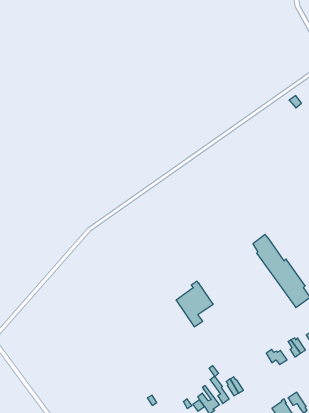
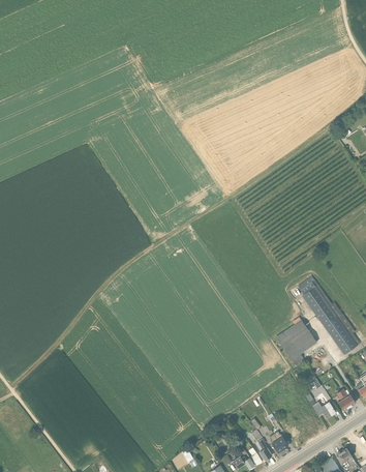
building: [176,281,213,327] -> [275,318,315,367]

